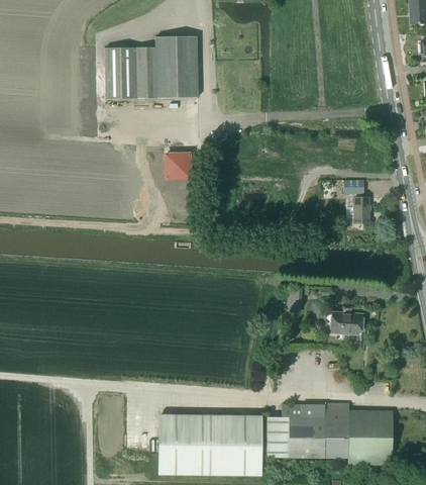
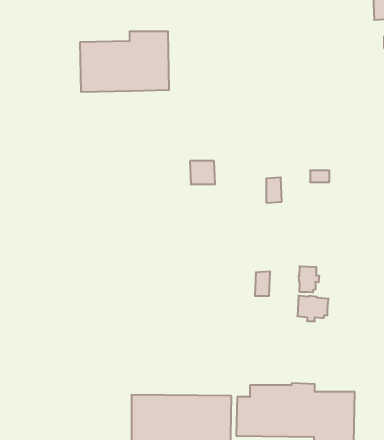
building: [165,154,191,178] -> [190,161,215,184]
building: [354,197,370,223] -> [266,177,282,203]
building: none -> [299,266,319,293]

